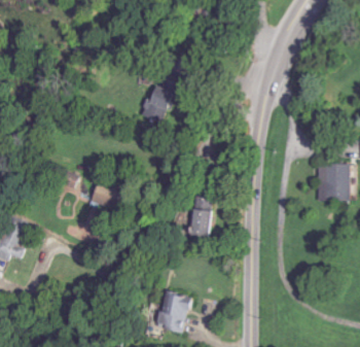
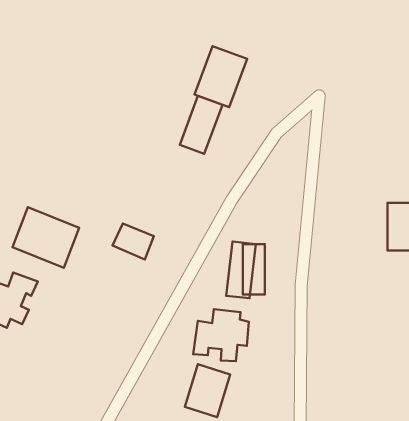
building: none -> [195,46,247,107]
building: none -> [13,207,79,268]
building: none -> [193,309,249,361]

